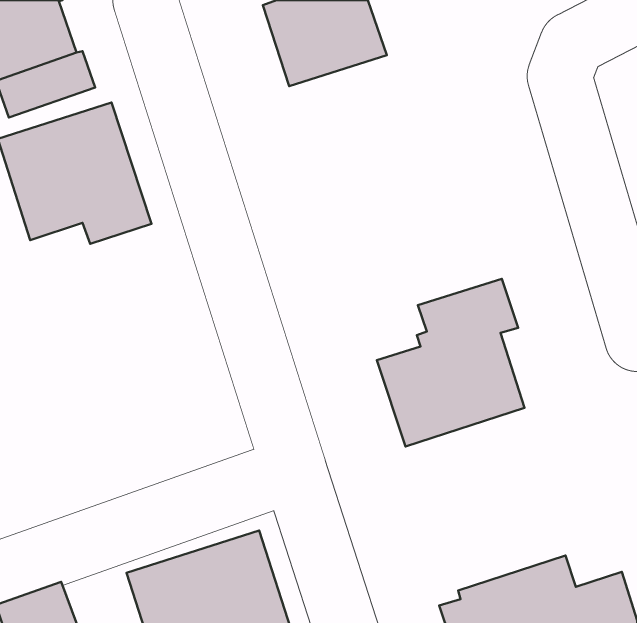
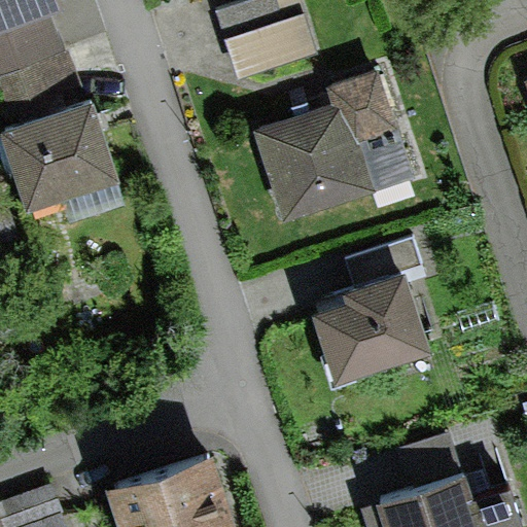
building: none -> [252,71,415,223]

